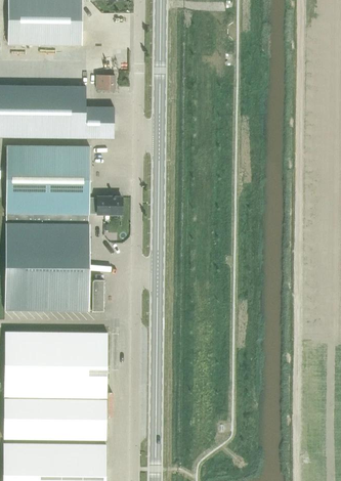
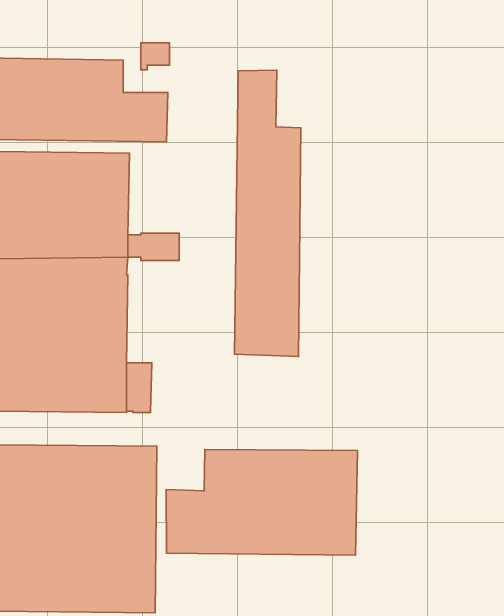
building: none -> [235,70,301,356]
building: none -> [166,450,357,555]

